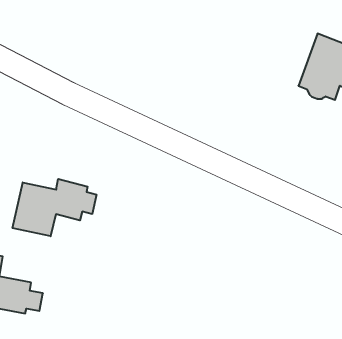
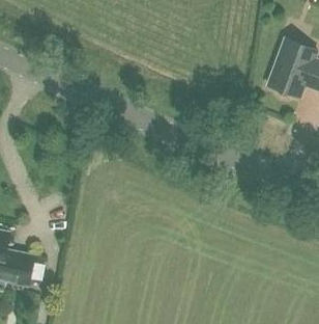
building: [13,179,96,236] -> none

